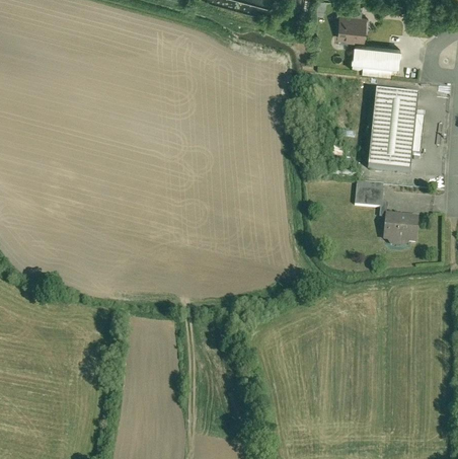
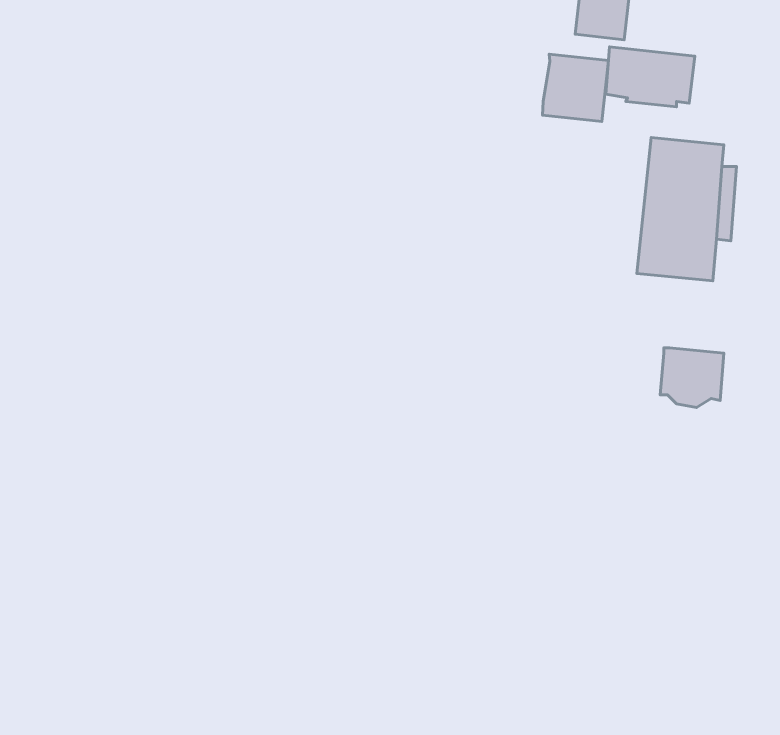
building: none -> [542,54,608,121]
building: [355,178,388,214] -> none

